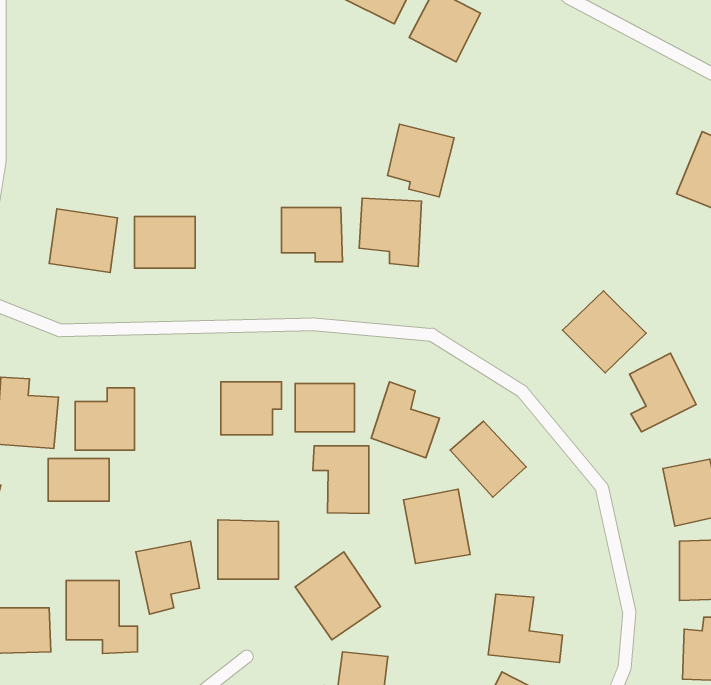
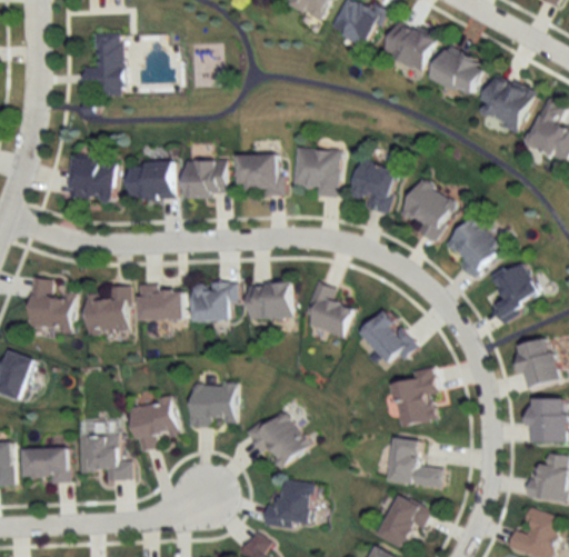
building: none -> [381,23,435,71]
building: none -> [82,33,122,95]
building: none -> [430,48,485,97]
building: none -> [478,74,535,130]
building: [387,124,454,197] -> [349,160,398,213]
building: none -> [184,160,227,197]
building: none -> [400,180,456,241]
building: [313,446,369,514] -> none
building: [48,459,109,501] -> [138,288,182,319]
building: [403,489,470,564] -> [390,371,439,426]

